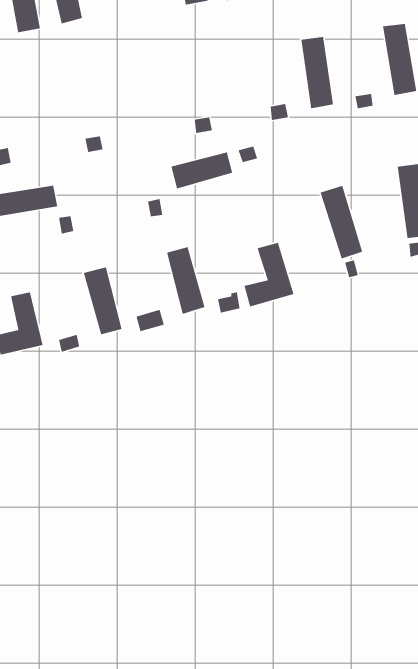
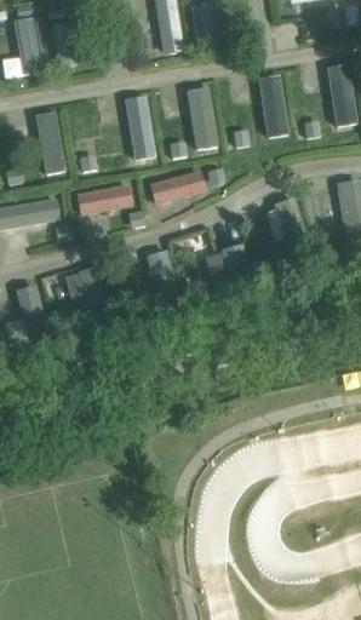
building: none -> [187,86,216,148]
building: none -> [125,96,154,157]
building: none -> [35,111,64,172]
building: none -> [78,184,130,213]

